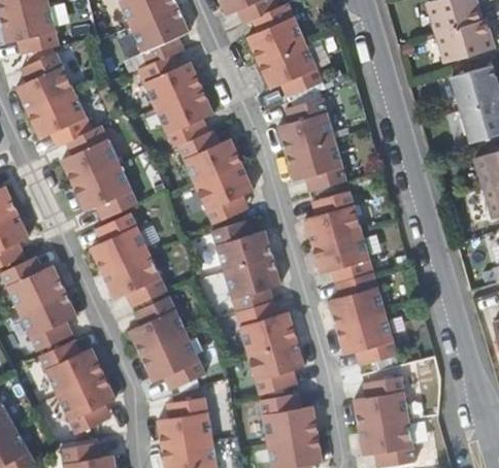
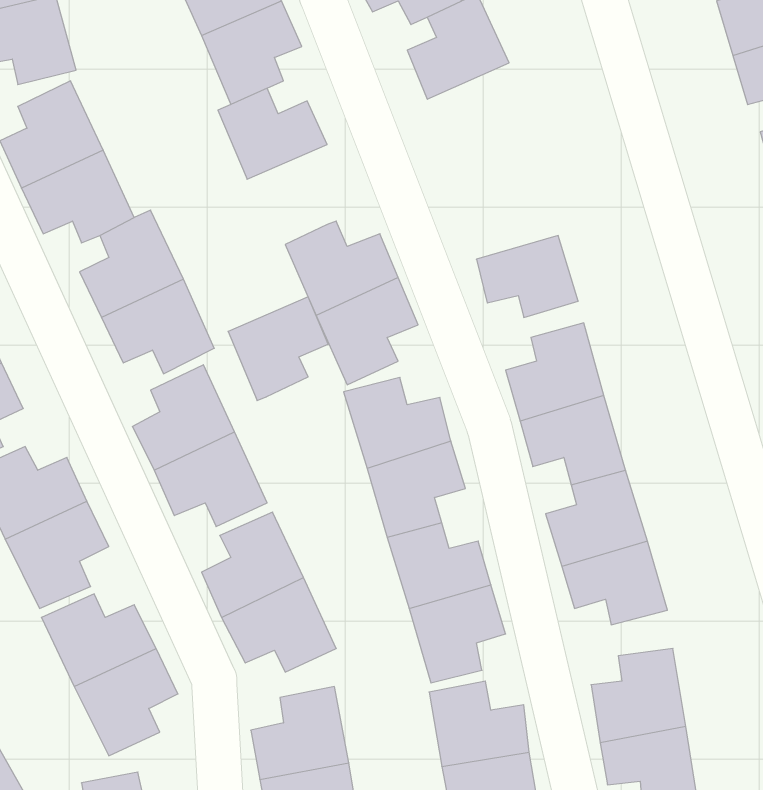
building: [258,40,320,91] -> none
building: [156,87,212,145] -> [228,297,328,401]
building: [277,94,332,152] -> none

